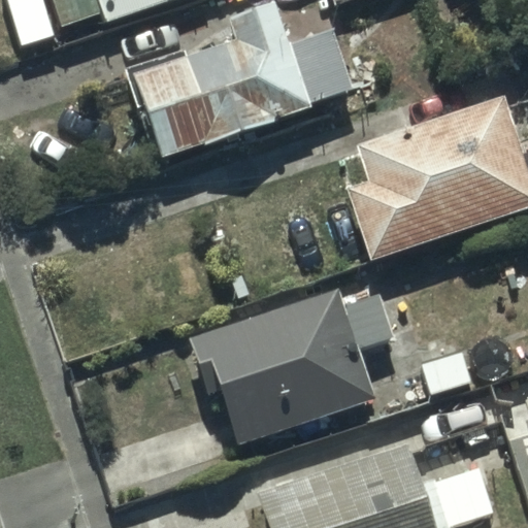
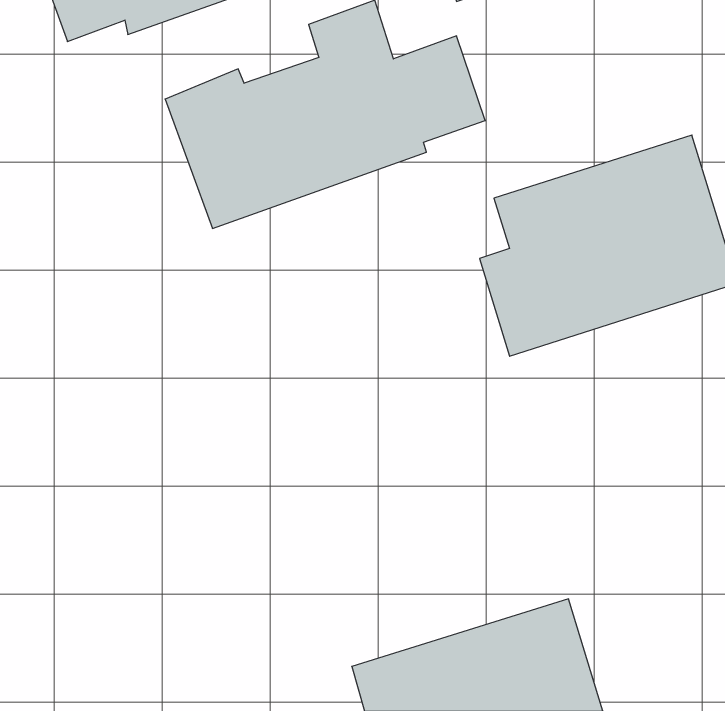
building: [188,287,377,450] -> none

